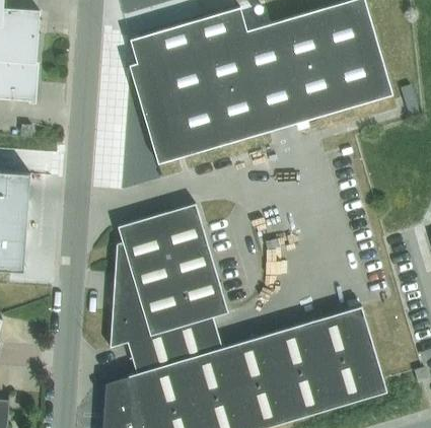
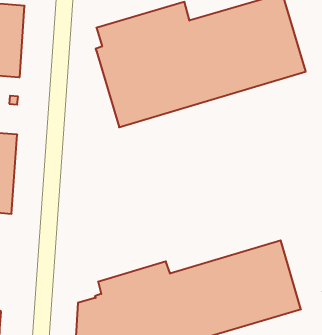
building: [110,204,228,358] -> none

